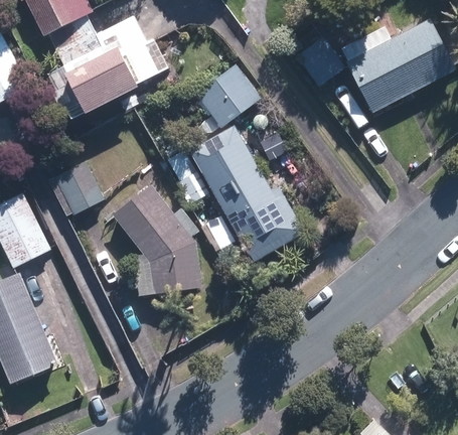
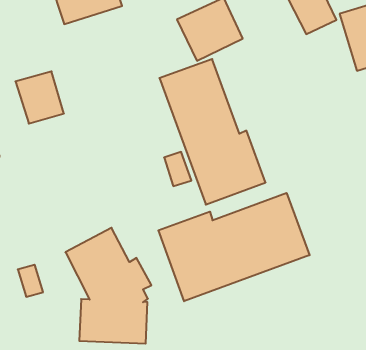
building: [112,182,201,293] -> [65,228,151,344]
building: none -> [158,193,310,301]

